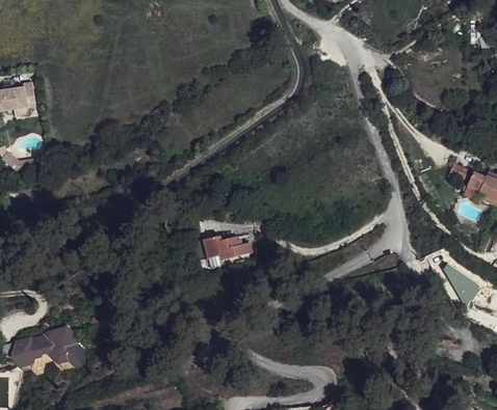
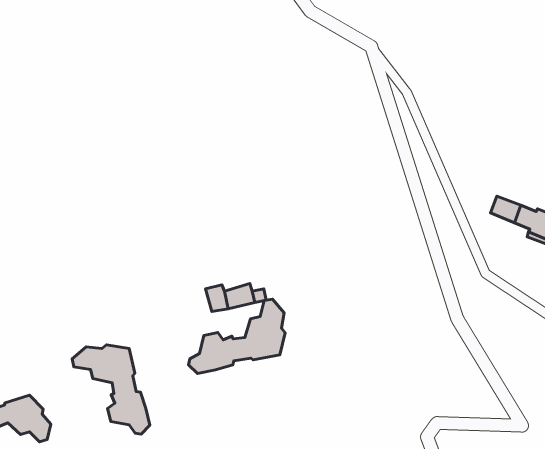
building: none -> [188,299,285,373]
building: none -> [72,345,150,434]

